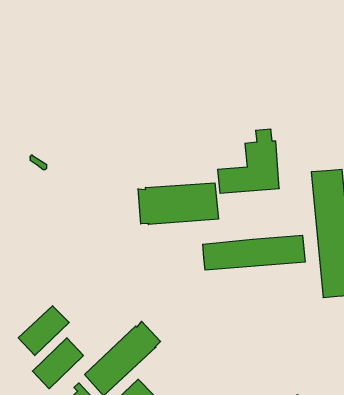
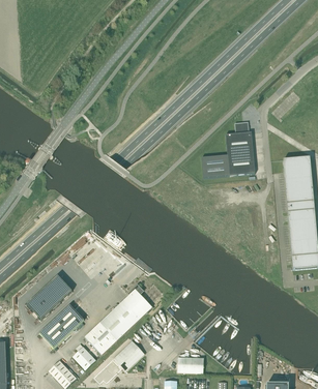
building: [138,183,218,225] -> none
building: [203,235,305,270] -> none

